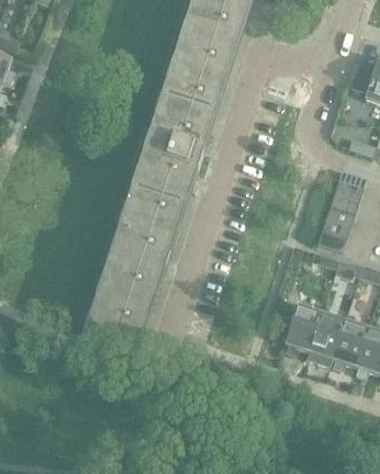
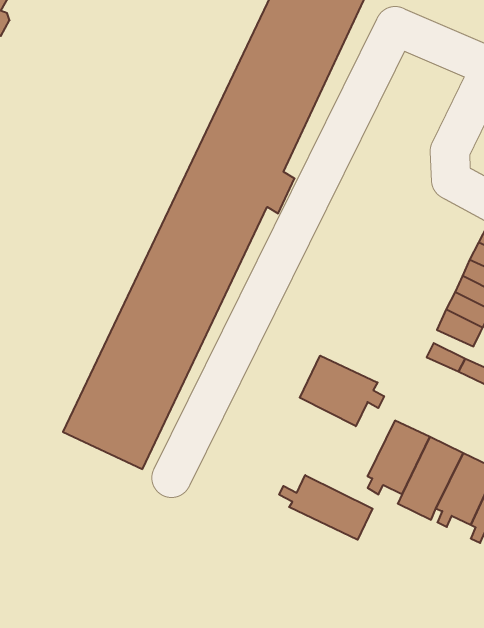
building: none -> [300,356,384,426]
building: none -> [279,475,373,540]

